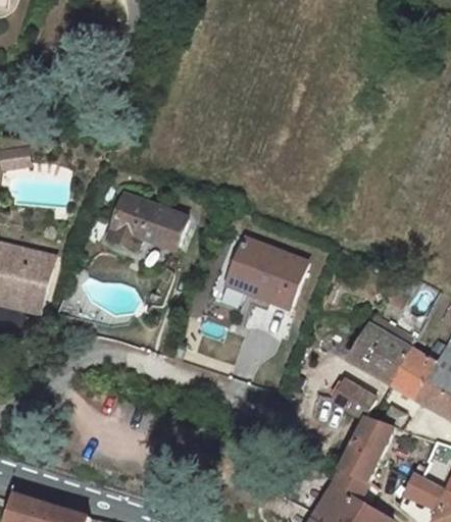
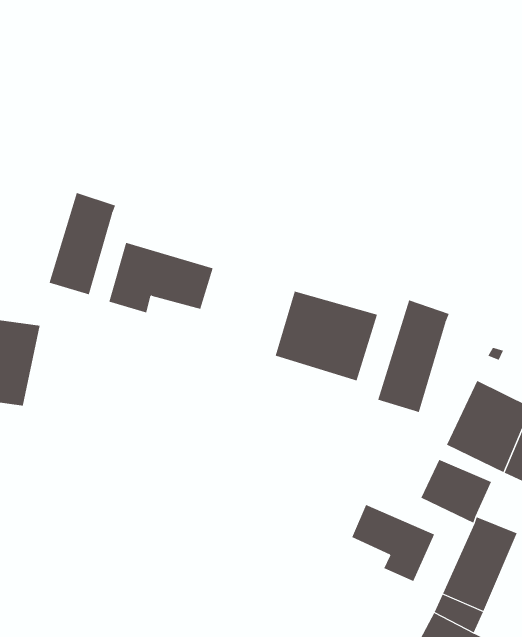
building: none -> [49,192,116,295]
building: none -> [377,299,449,413]
building: none -> [352,504,435,582]

